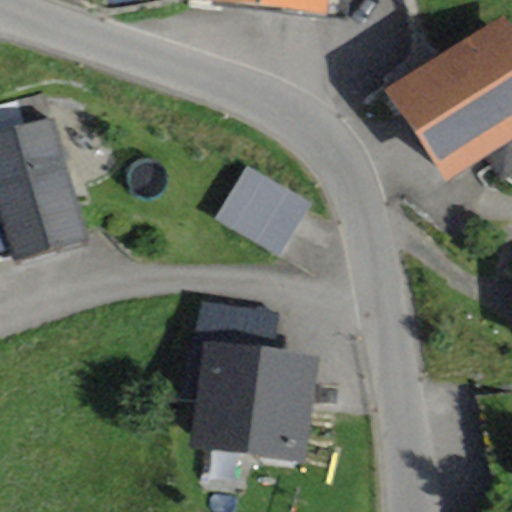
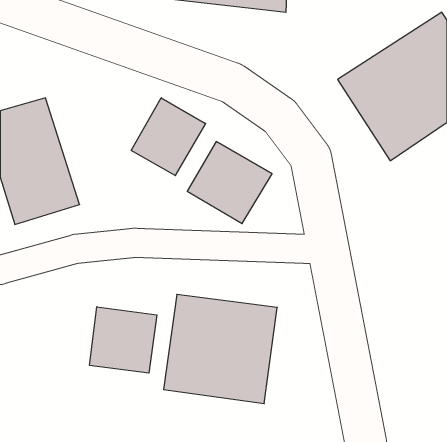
building: none -> [131,98,206,176]
building: none -> [90,307,157,373]

